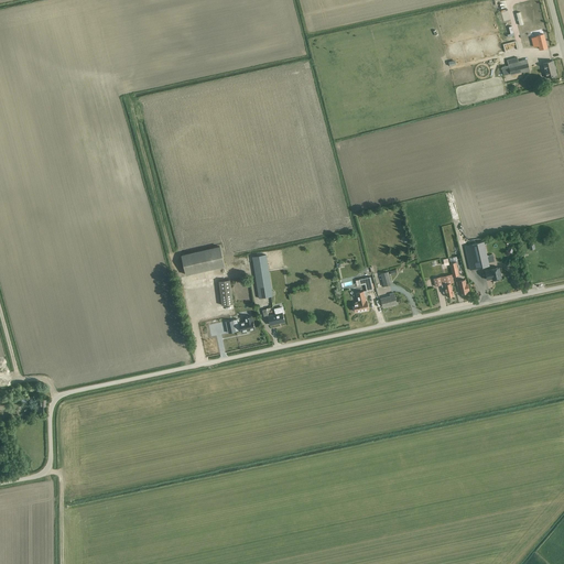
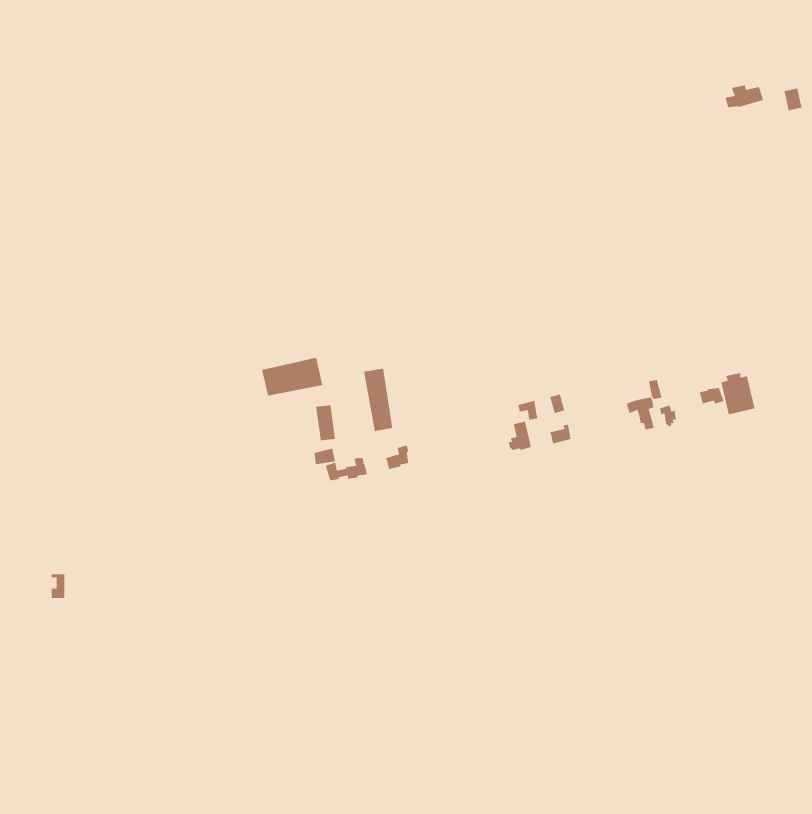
building: [464,240,488,270] -> [720,372,755,415]

